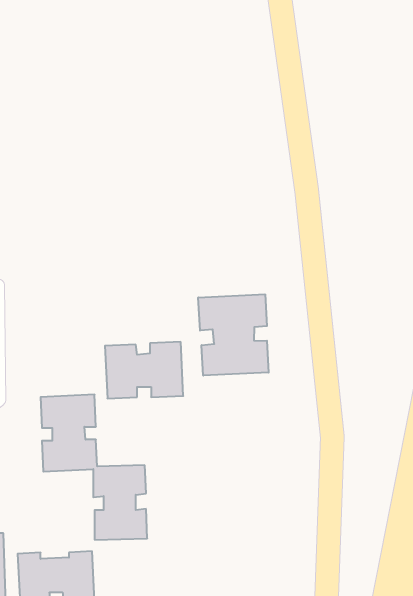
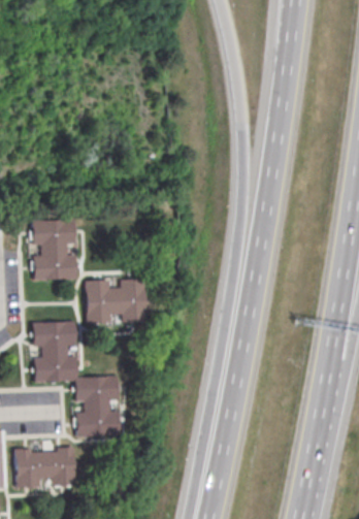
building: none -> [33,220,77,281]
building: [198,294,269,376] -> none

